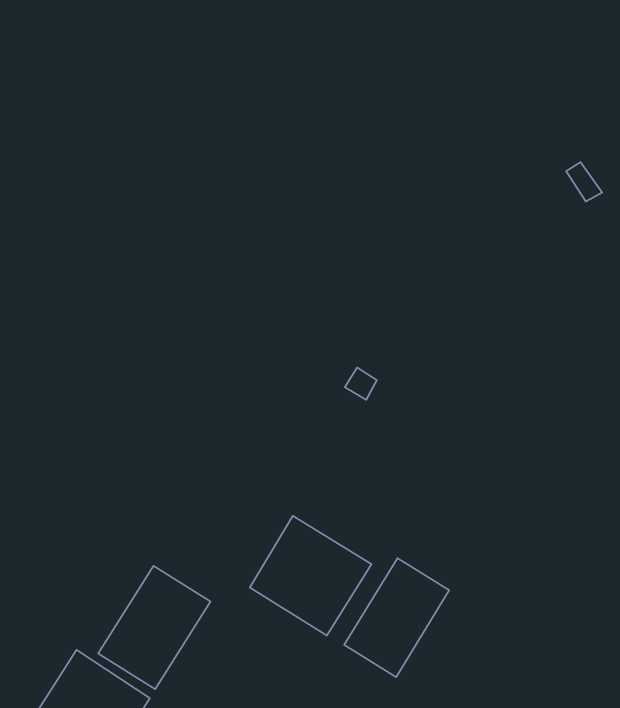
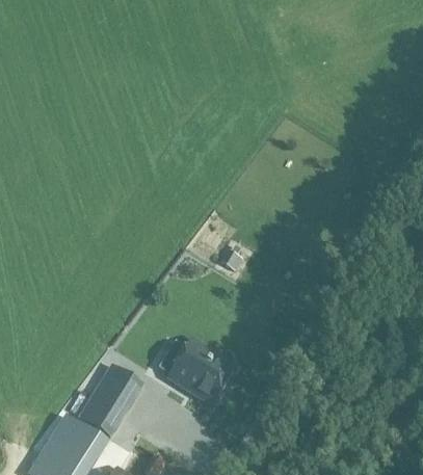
building: [344,558,449,677] -> none

